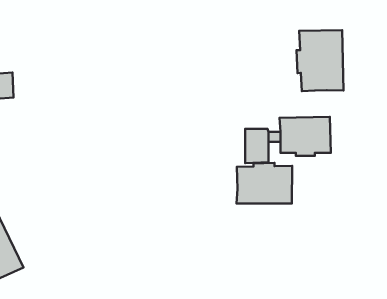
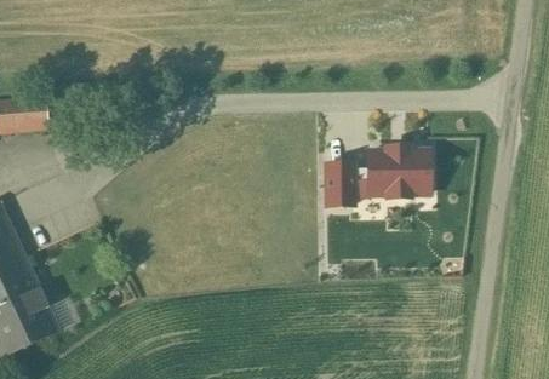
building: [297,30,343,91] -> none
building: [237,163,292,203] -> none

